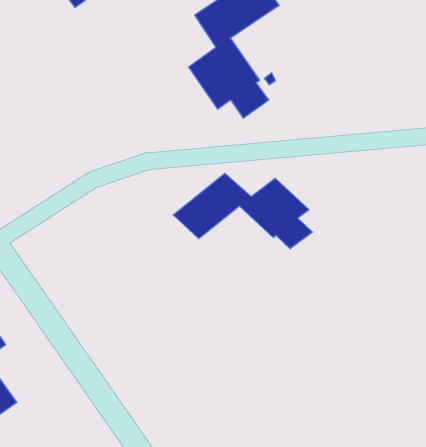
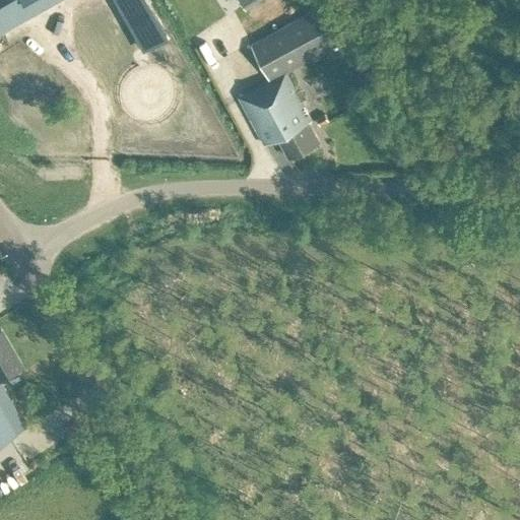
building: [173,173,313,249] -> none

